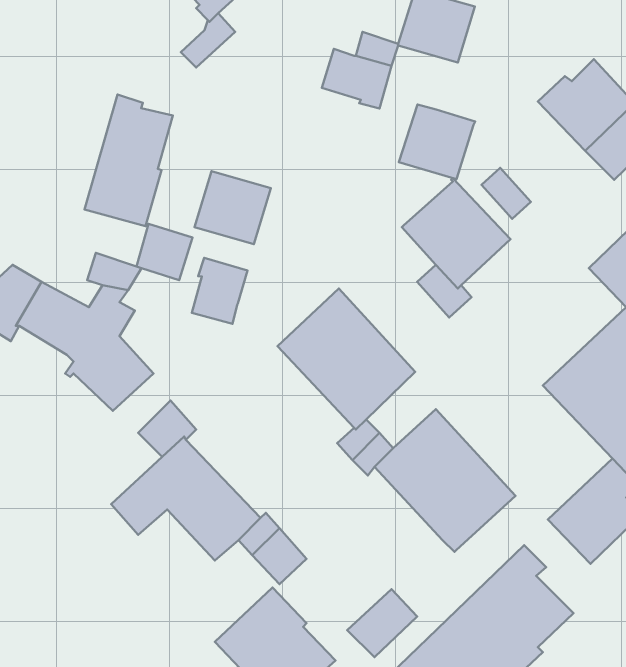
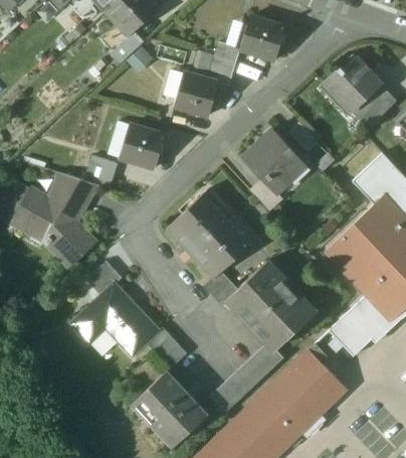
building: [85,94,173,226] -> none
building: [399,104,475,179] -> [173,72,218,117]
building: [192,258,248,324] -> none
building: none -> [236,343,283,389]

